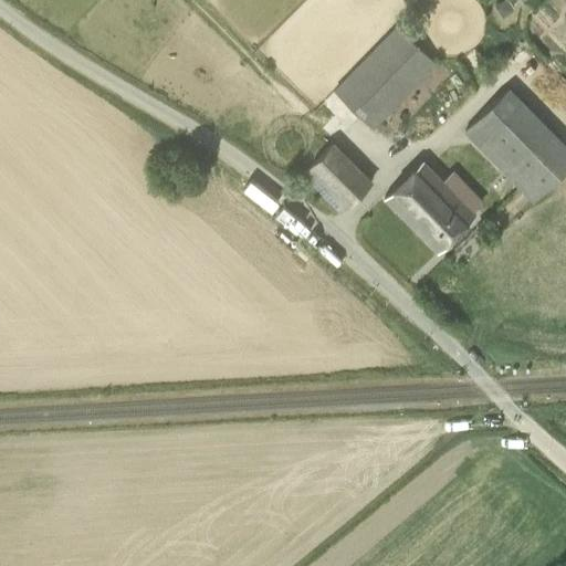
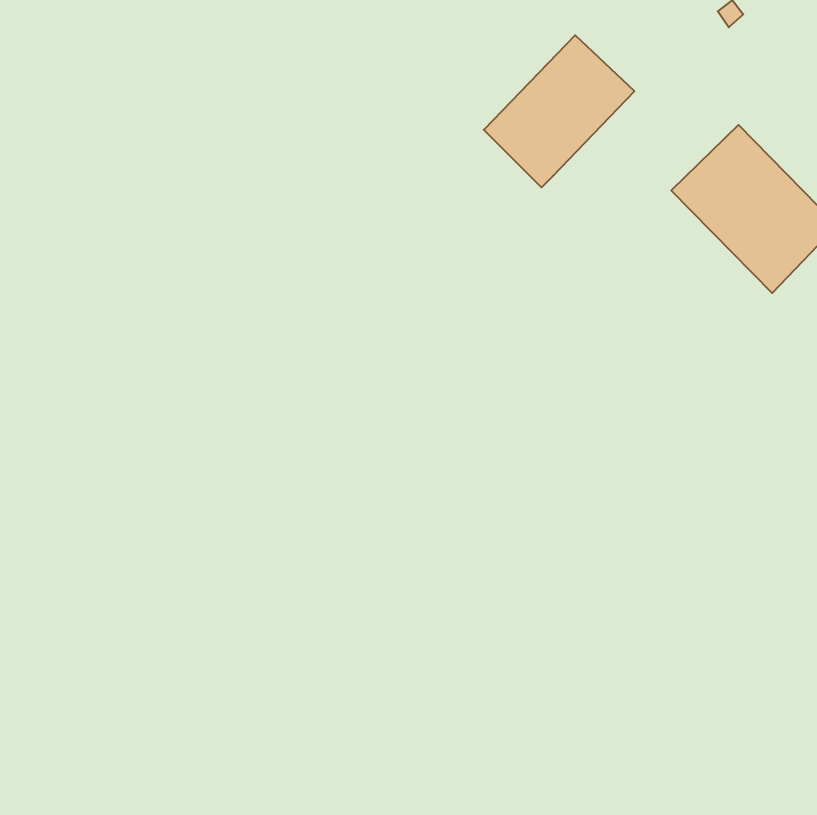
building: [303,145,374,216] -> none
building: [386,163,476,253] -> none

